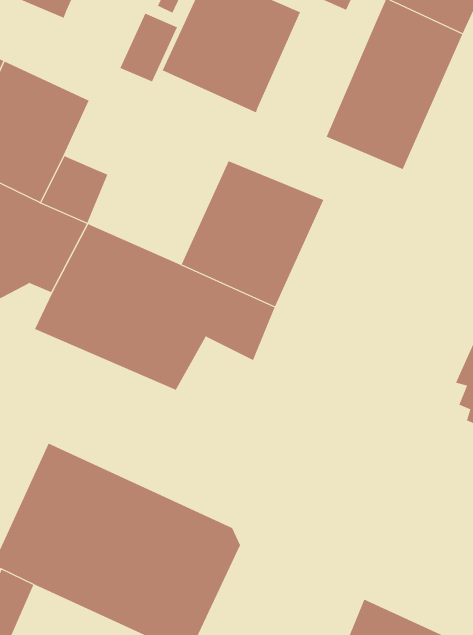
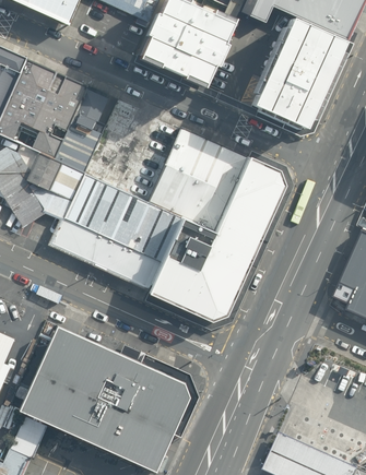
building: [119,13,178,82] -> [69,87,109,135]
building: none -> [146,156,287,320]

